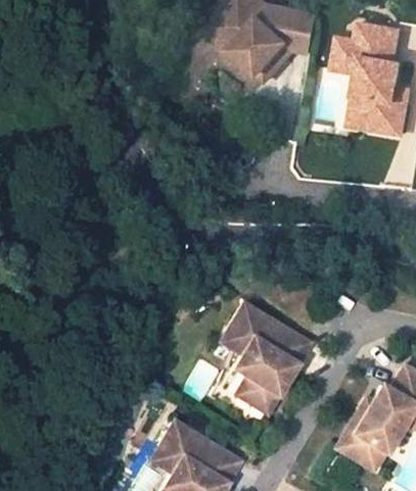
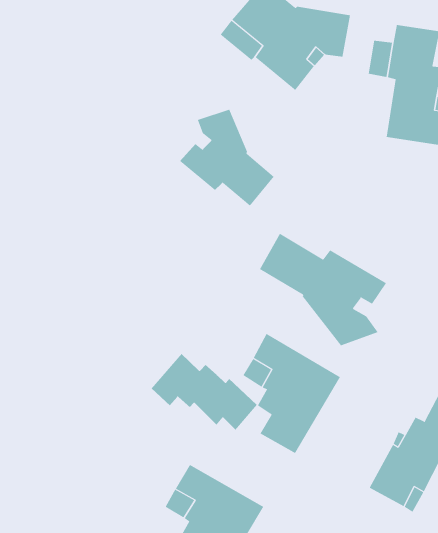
building: none -> [179,109,275,207]
building: none -> [259,233,387,346]
building: none -> [151,353,258,431]

